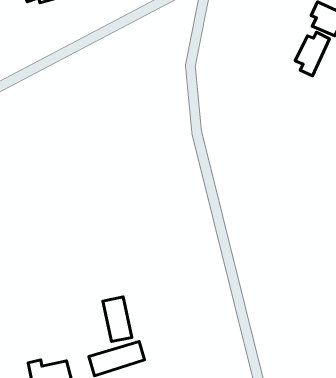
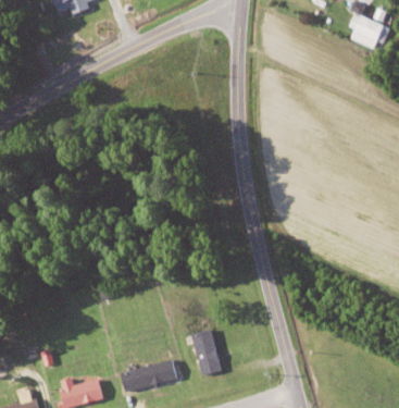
building: [295,32,329,76] -> none
building: [103,297,132,342] -> [191,330,221,375]

